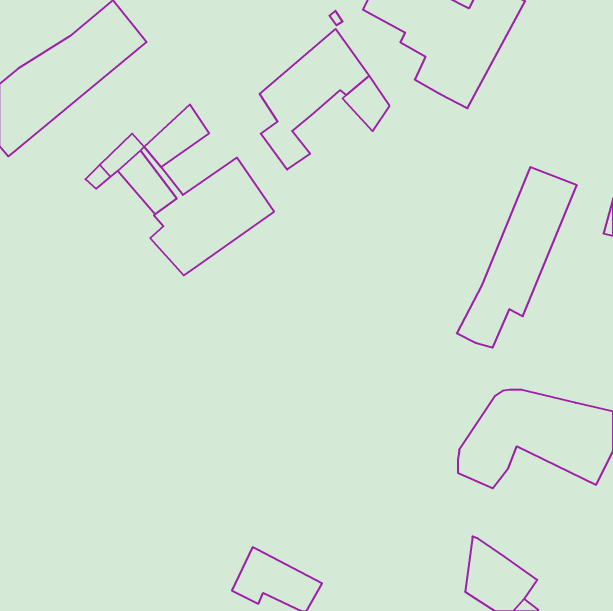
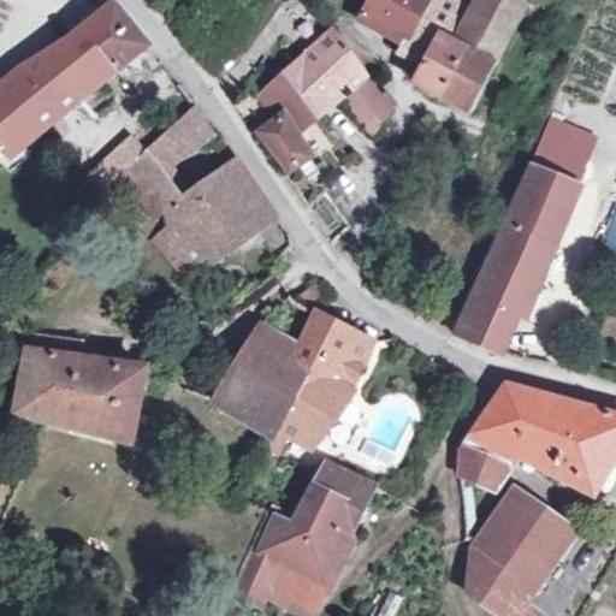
building: none -> [531,123,596,185]
building: none -> [214,313,373,451]
building: none -> [14,332,144,442]
building: none -> [257,461,372,584]
building: none -> [479,491,573,580]

